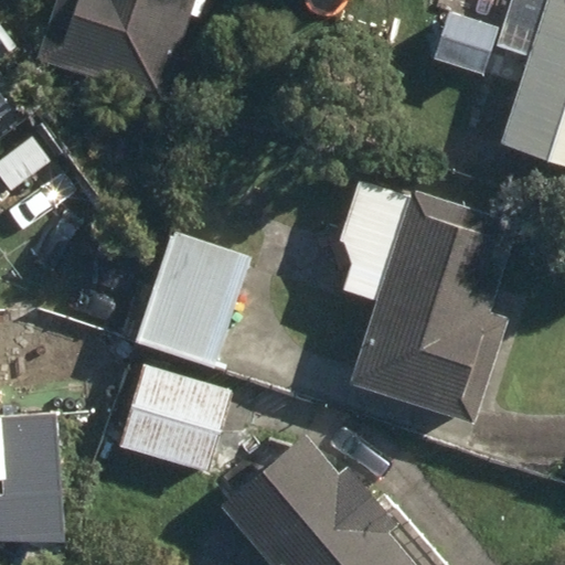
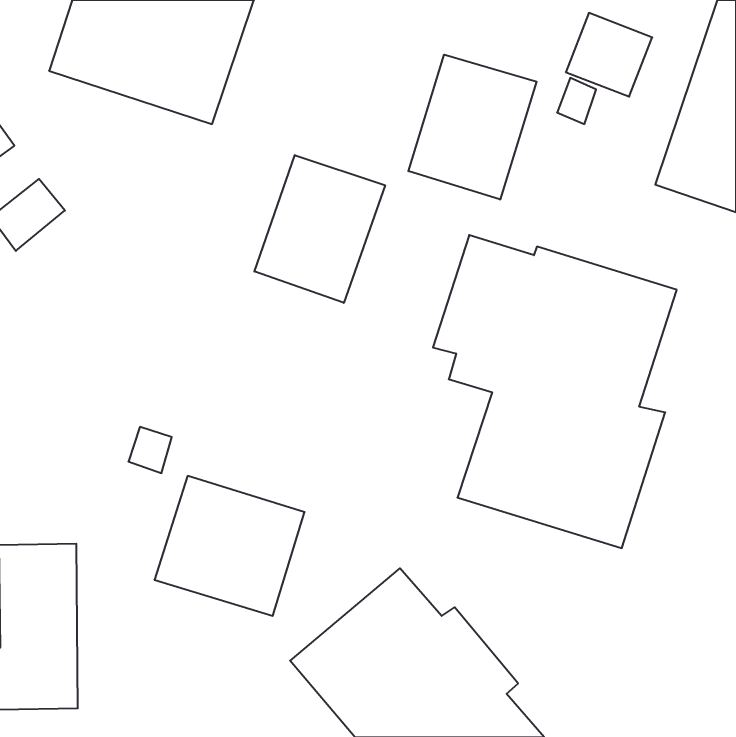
building: none -> [408,55,537,200]
building: none -> [254,155,385,303]
building: [135,231,252,369] -> none

